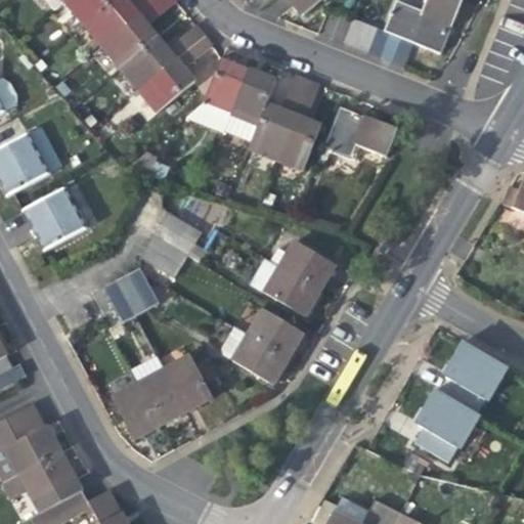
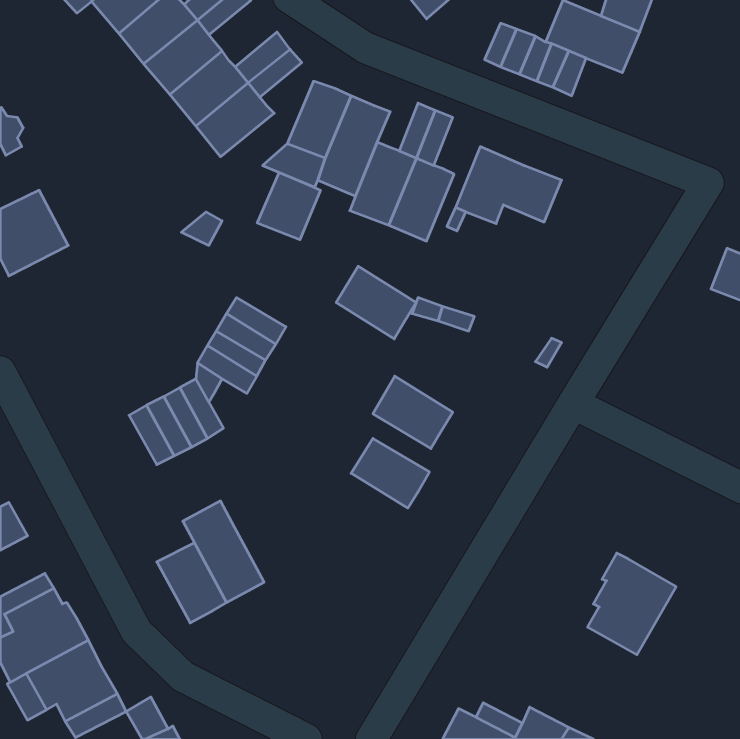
building: none -> [257,172,320,240]
building: [24,187,86,249] -> none
building: [279,239,336,291] -> [336,266,416,339]
building: [216,323,289,384] -> none
building: [444,342,506,413] -> none
building: [165,354,213,410] -> none

